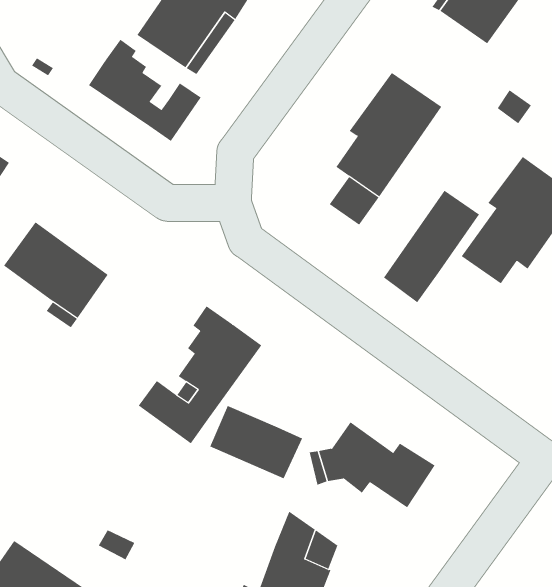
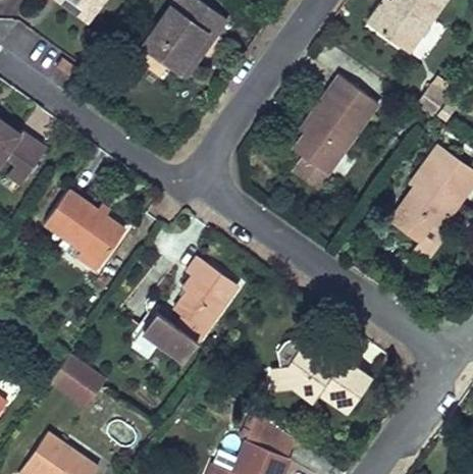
building: [88,39,201,142] -> none
building: [383,190,480,303] -> none
building: [210,405,303,479] -> none
building: none -> [51,354,103,403]

